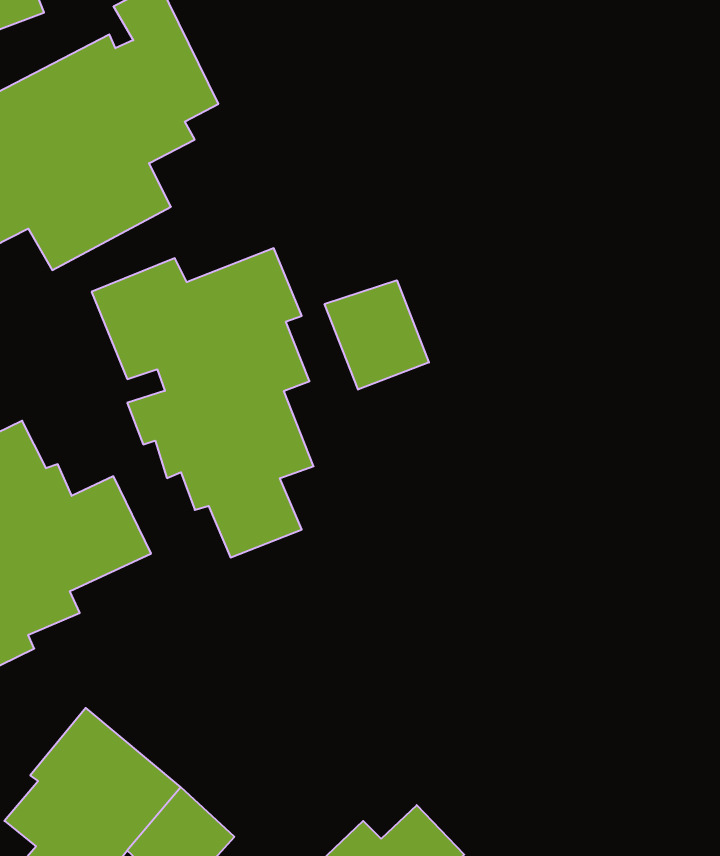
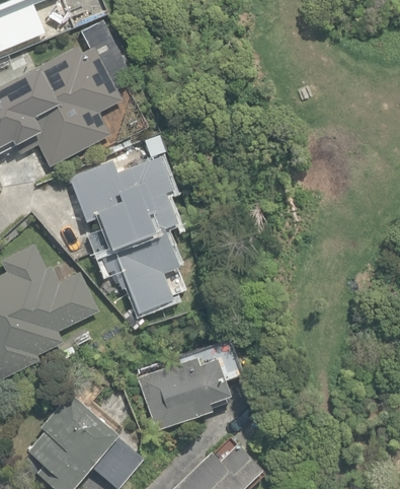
building: [325,280,429,390] -> none
building: none -> [135,337,240,429]

